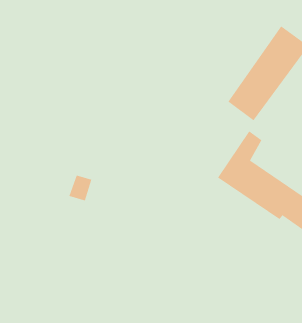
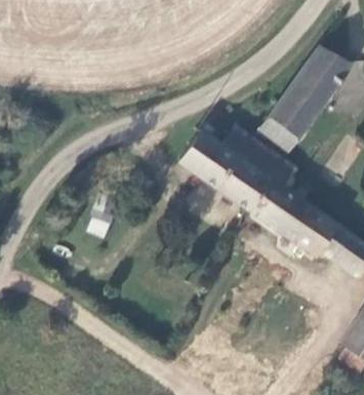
building: none -> [183,128,284,211]

